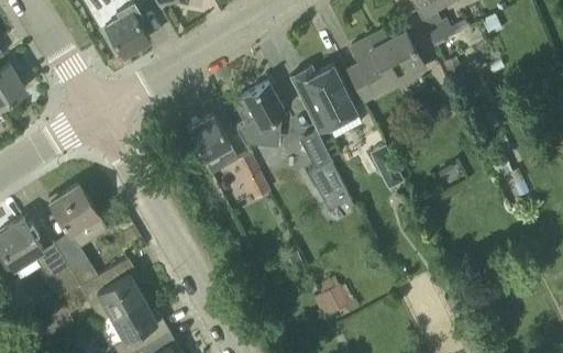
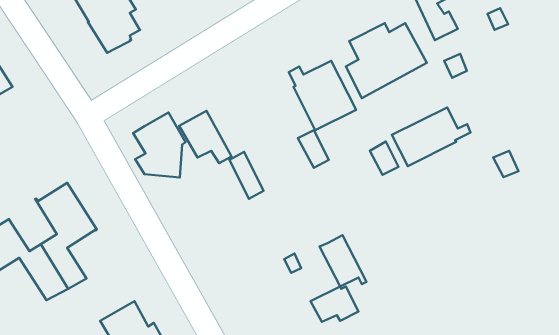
building: [234,84,285,146] -> [133,113,186,178]
building: none -> [392,108,471,166]
building: [309,162,354,211] -> [320,235,366,287]
building: [80,258,144,321] -> none

